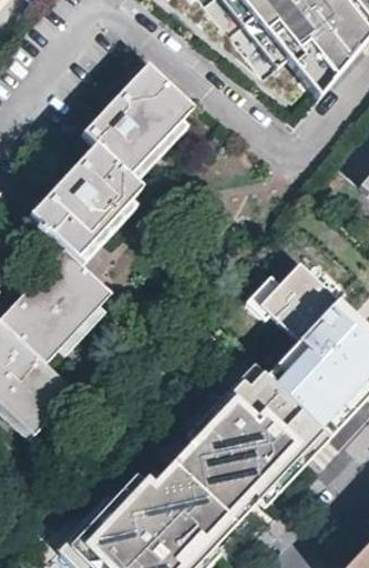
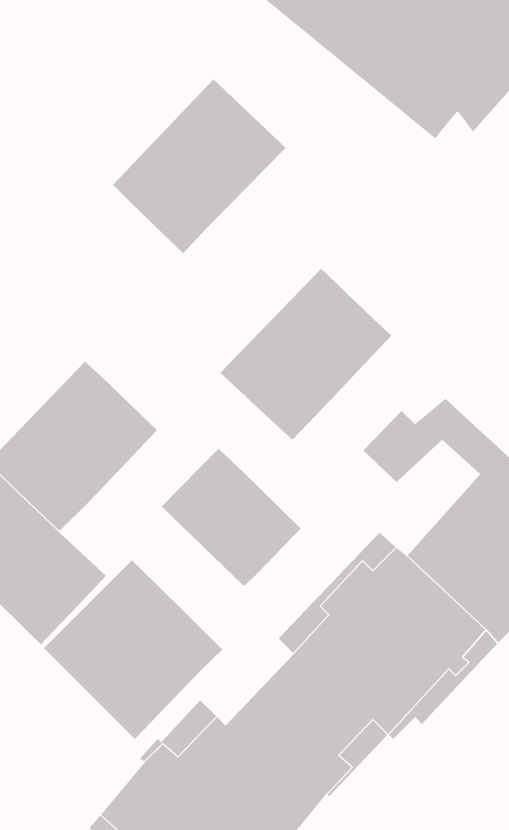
building: [28,144,141,257] -> [220,268,392,440]
building: none -> [161,448,301,587]
building: none -> [43,560,223,740]

